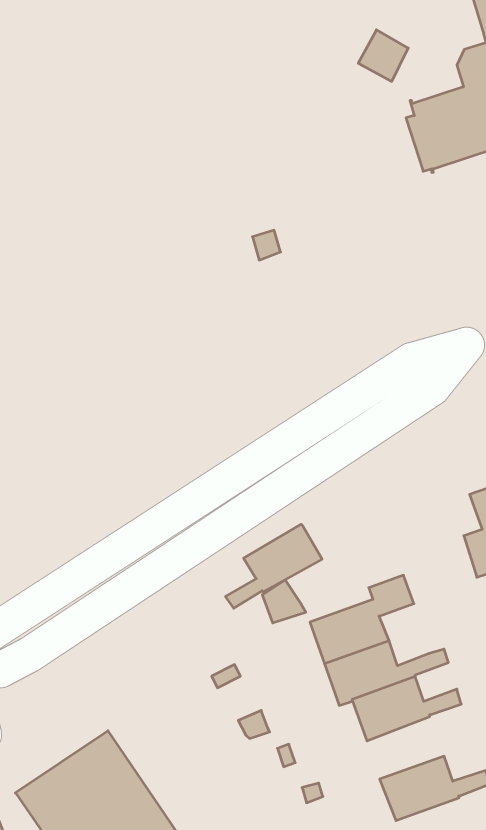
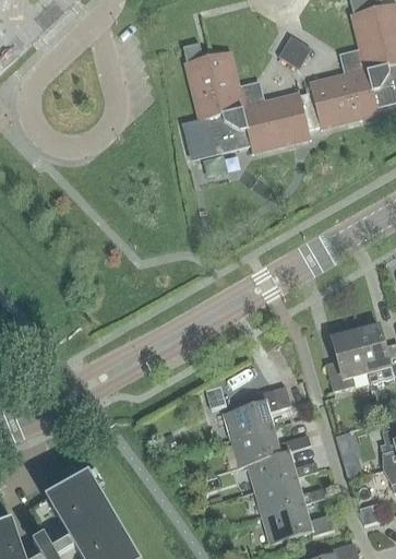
building: none -> [182,43,315,151]
building: [226,524,322,608] -> none
building: none -> [255,478,325,516]

